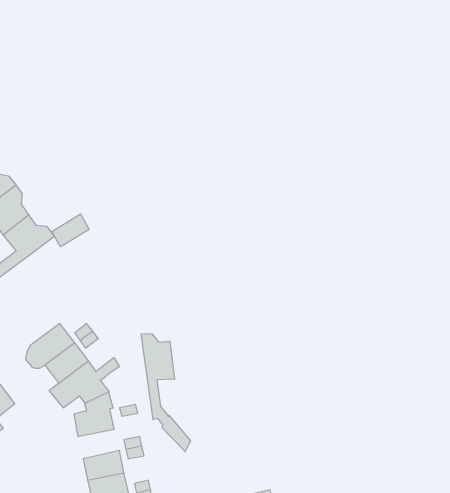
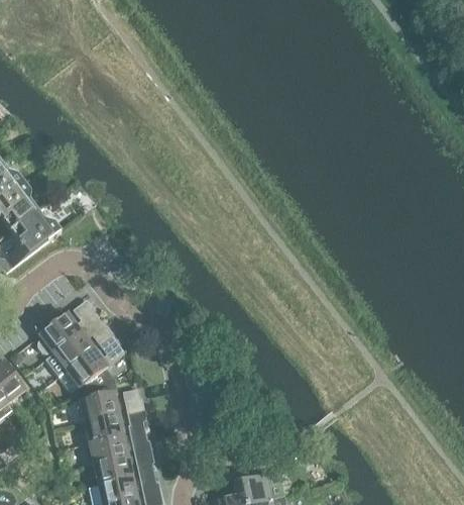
building: [52,214,89,247] -> none
building: [141,334,190,452] -> none
building: none -> [85,413,124,441]

